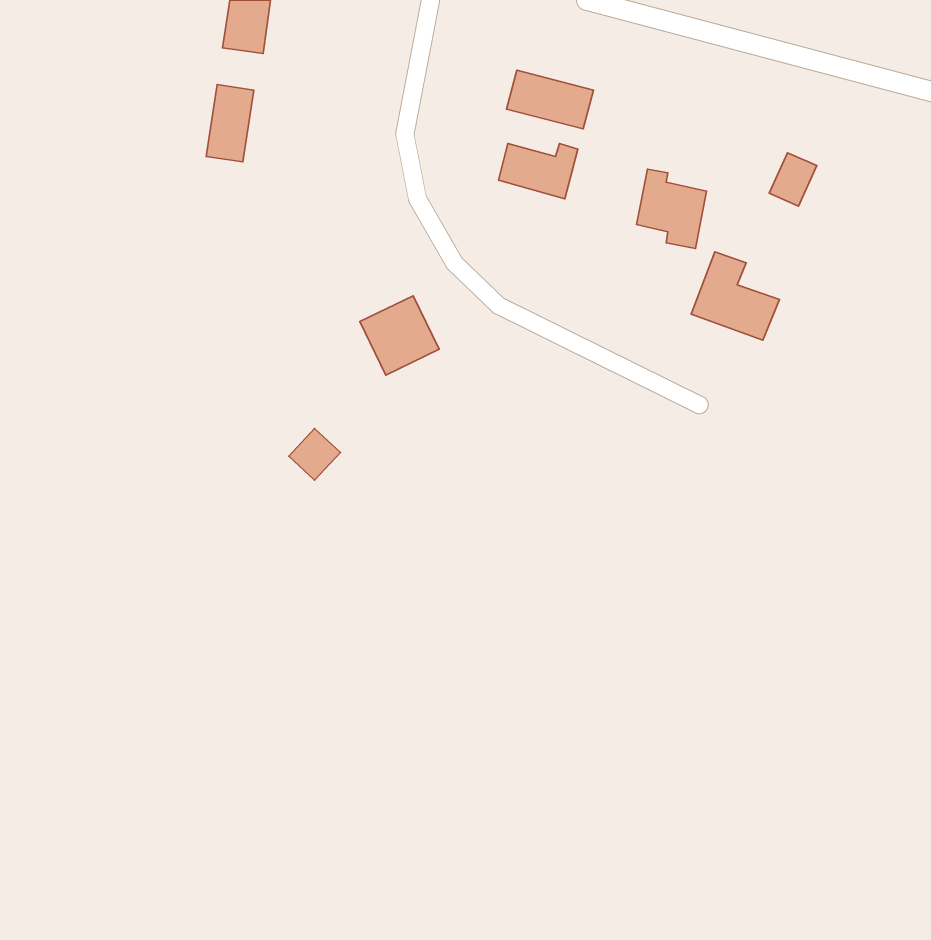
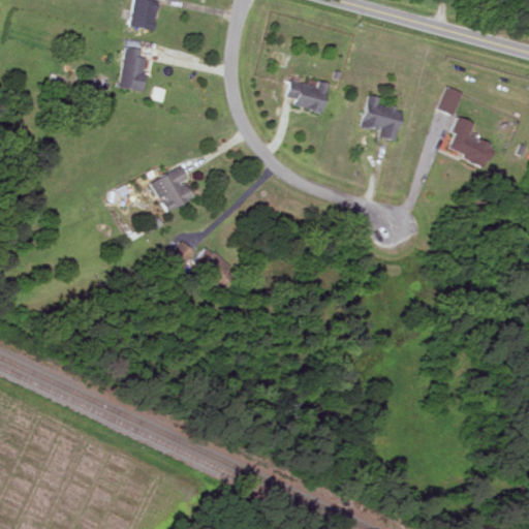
building: [507,70,594,129] -> none
building: [691,252,779,340] -> [444,117,494,166]
building: [360,296,439,375] -> [151,167,195,212]

